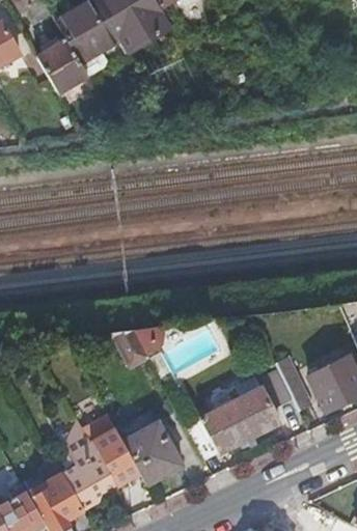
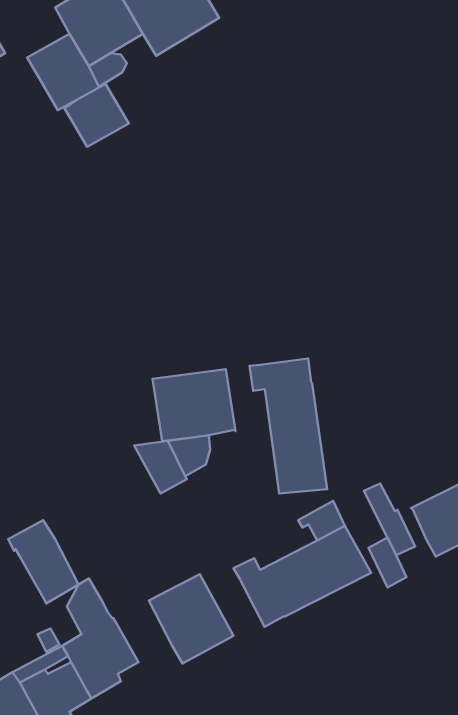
building: none -> [64,84,129,147]
building: none -> [250,358,327,493]
building: none -> [152,369,235,441]
building: [89,427,139,486] -> [8,520,78,603]

